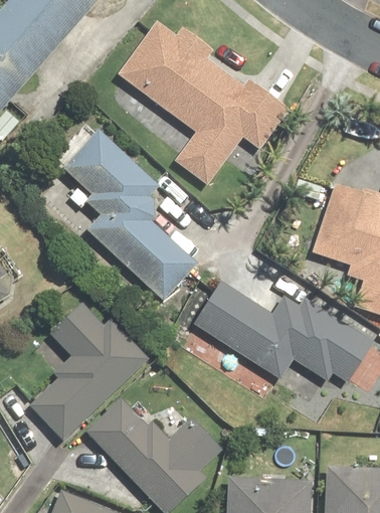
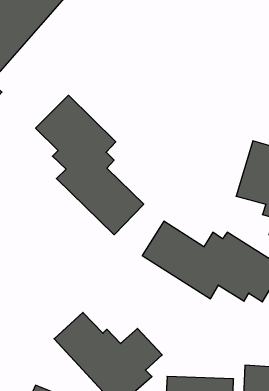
building: [116,20,291,183] -> none
building: [27,298,151,445] -> none

